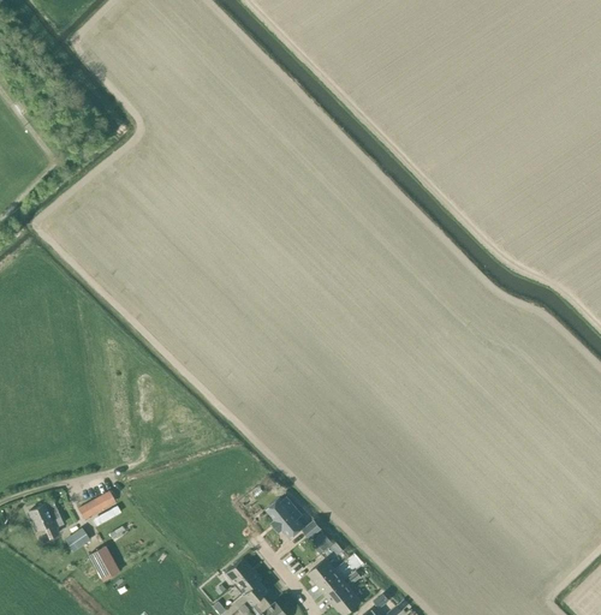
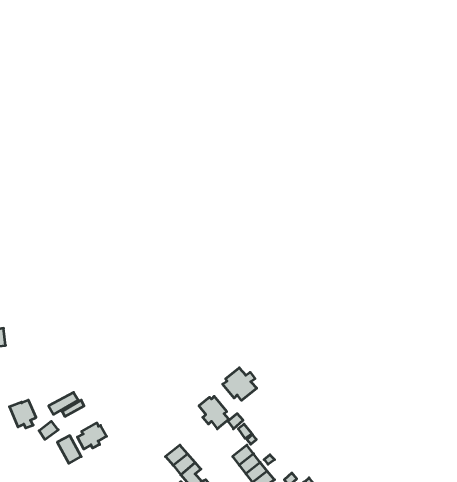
building: none -> [223,368,257,400]
building: none -> [77,423,107,449]

